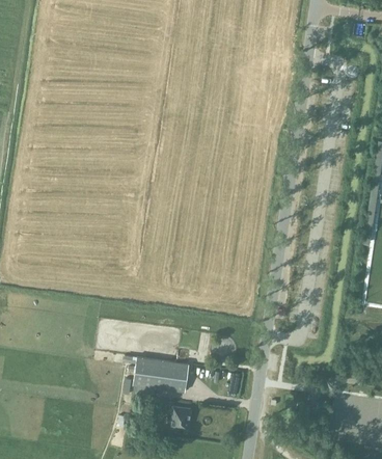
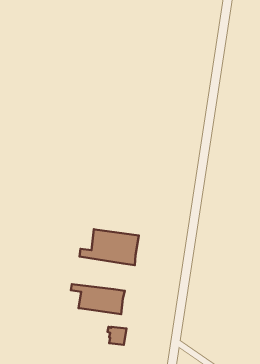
building: none -> [79,229,139,265]

